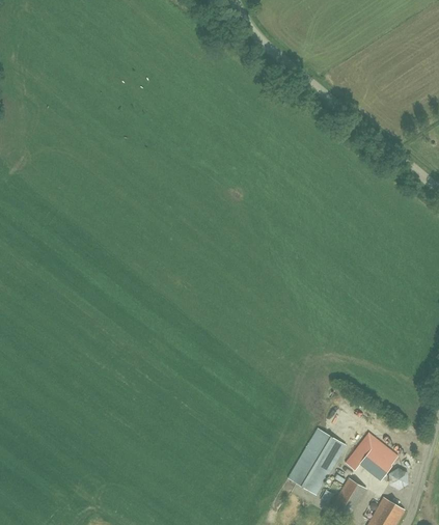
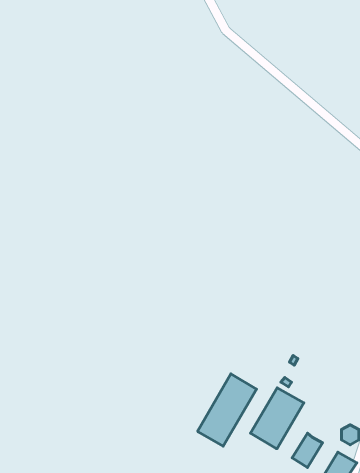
building: none -> [198,374,256,446]
building: [345,433,397,480] -> none

